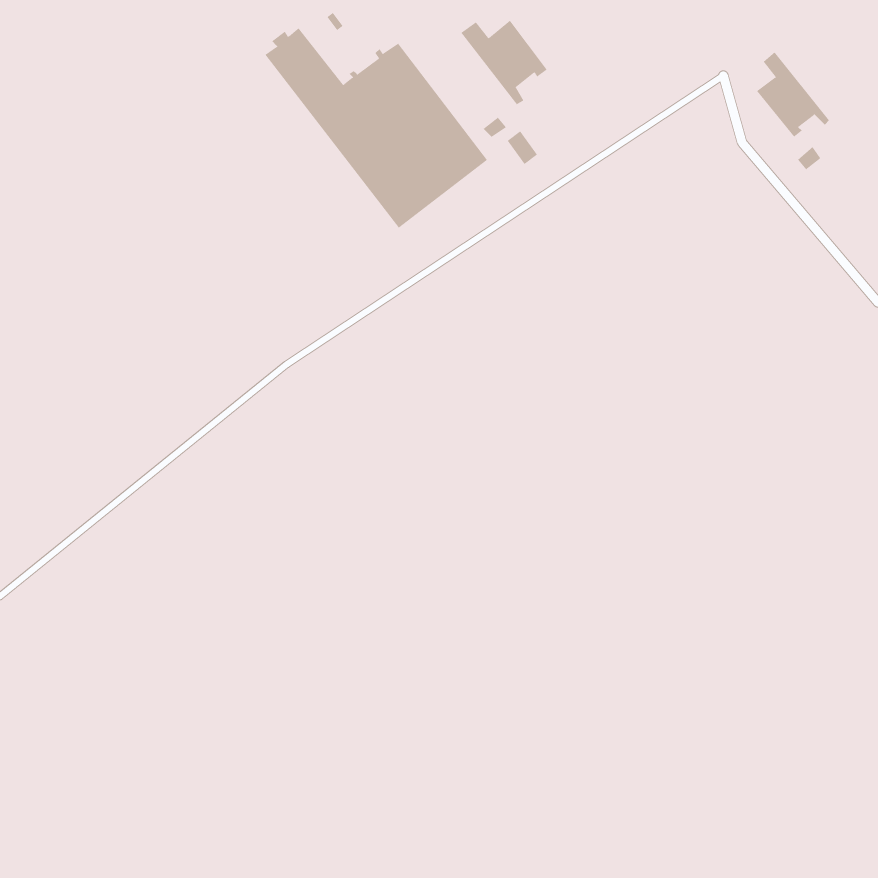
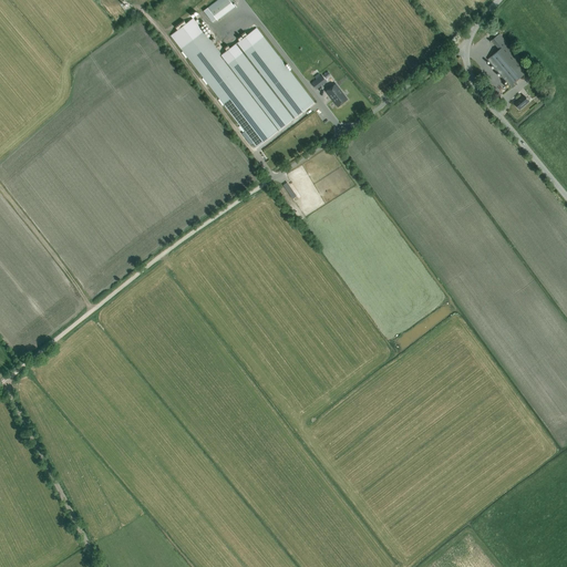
building: [461,20,547,105] -> none

